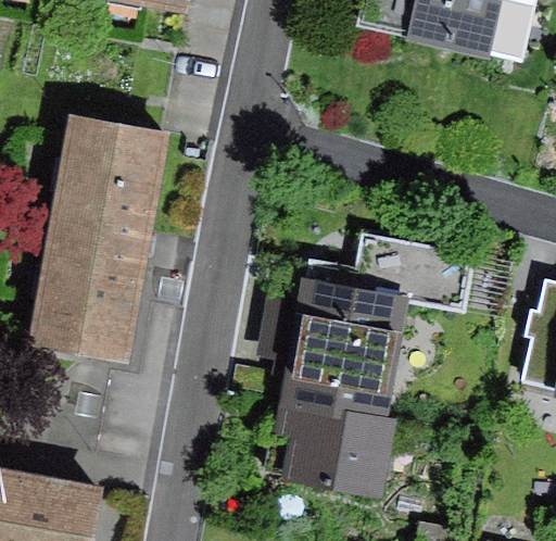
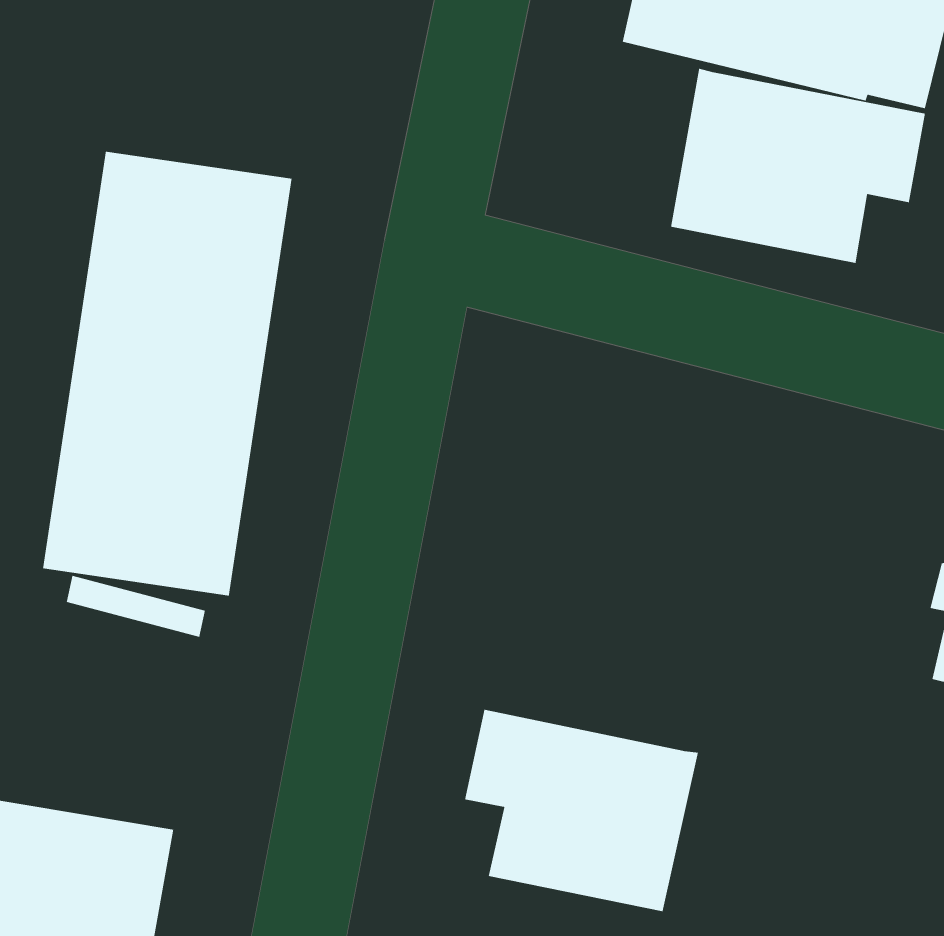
building: none -> [670,68,926,264]
building: [278,240,476,418] -> none

